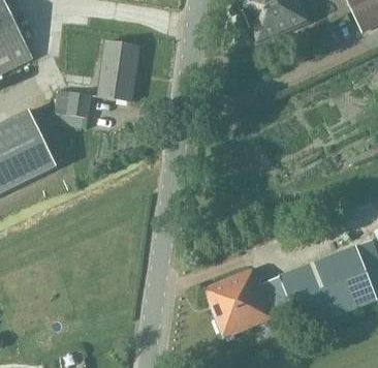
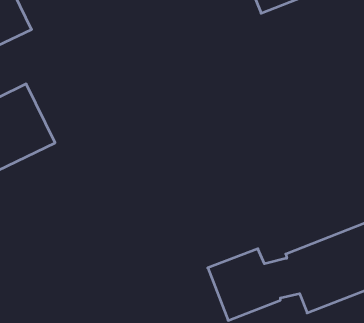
building: [96,40,138,100] -> none
building: [53,89,90,127] -> none

